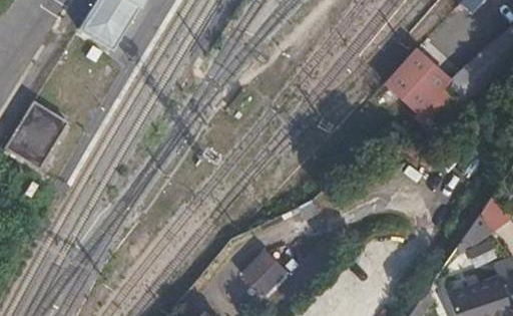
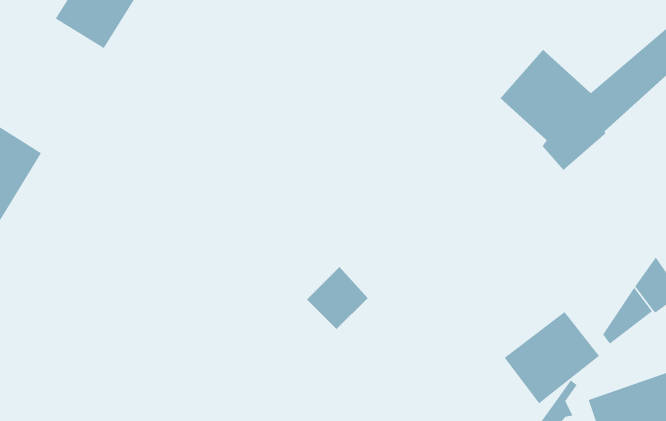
building: none -> [504,311,600,404]
building: [242,250,286,294] -> [306,266,368,330]

